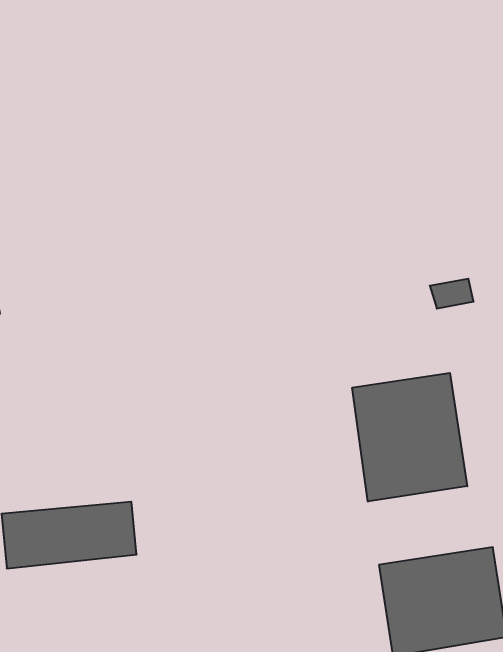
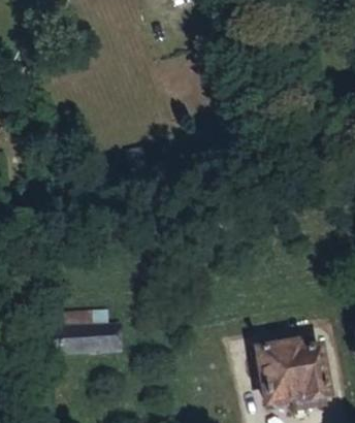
building: [352,373,467,502] -> none

